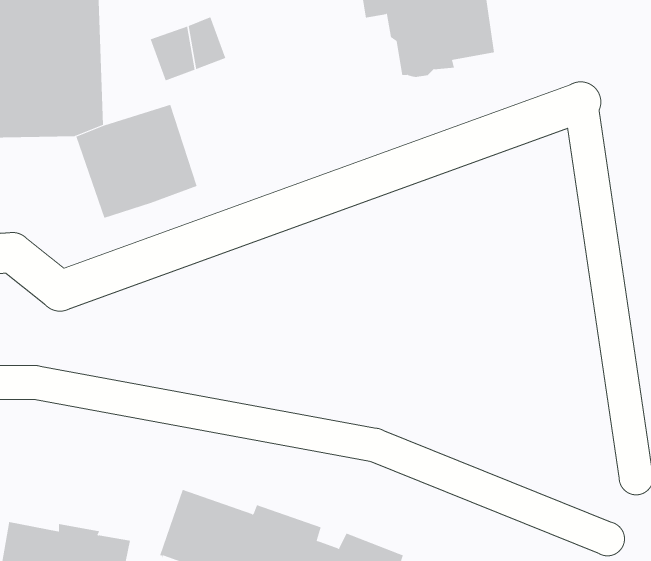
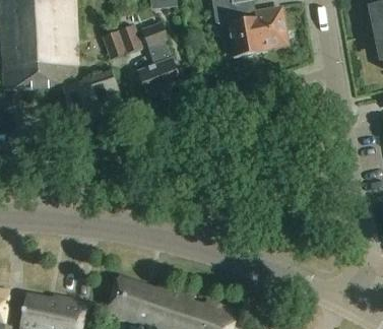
building: none -> [138,22,180,96]

